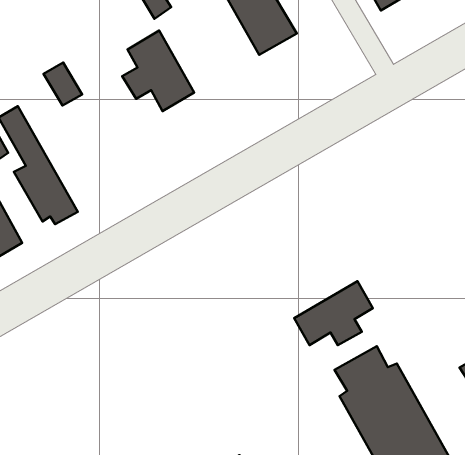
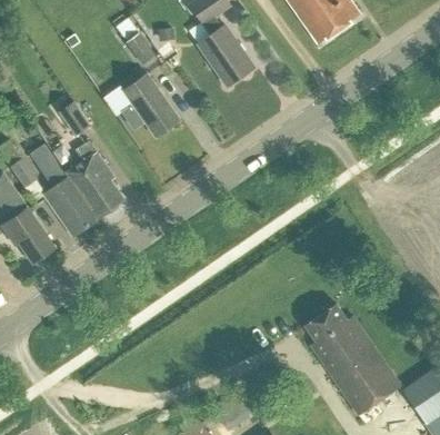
building: none -> [67,144,124,219]
building: [294,281,373,345] -> none

